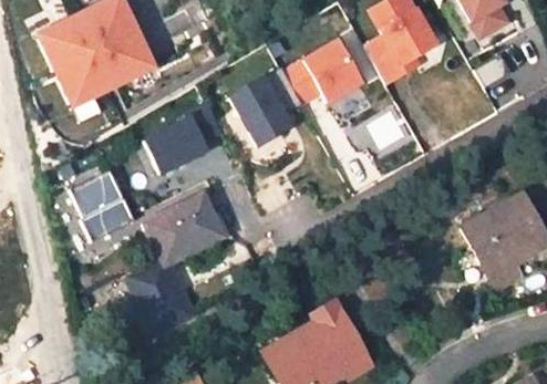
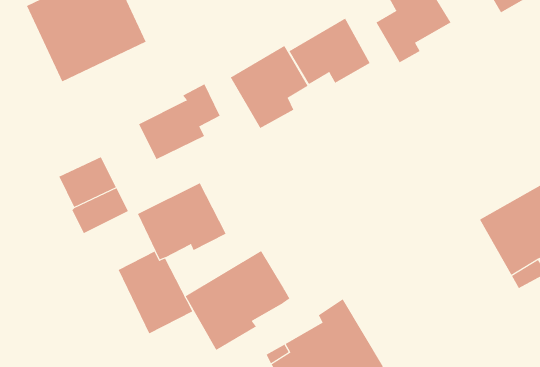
building: none -> [185,250,290,351]

